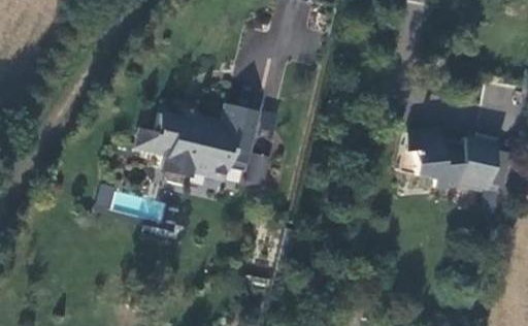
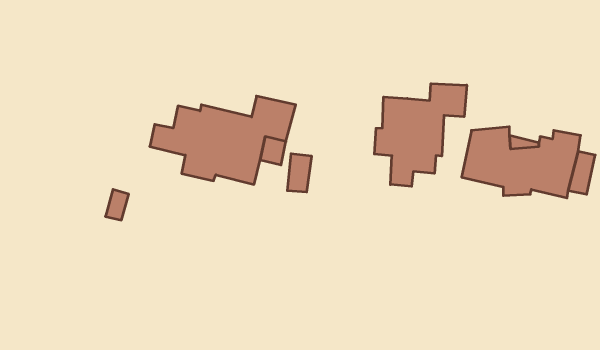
building: none -> [374,84,467,186]

